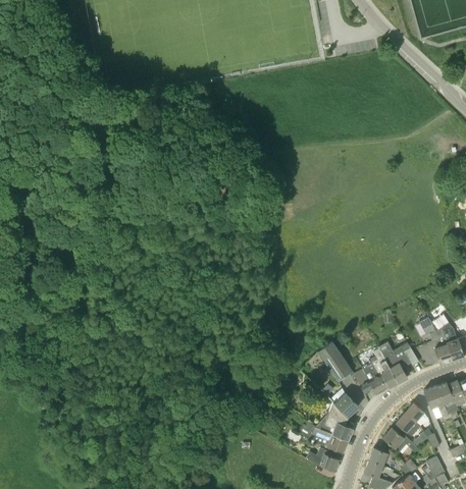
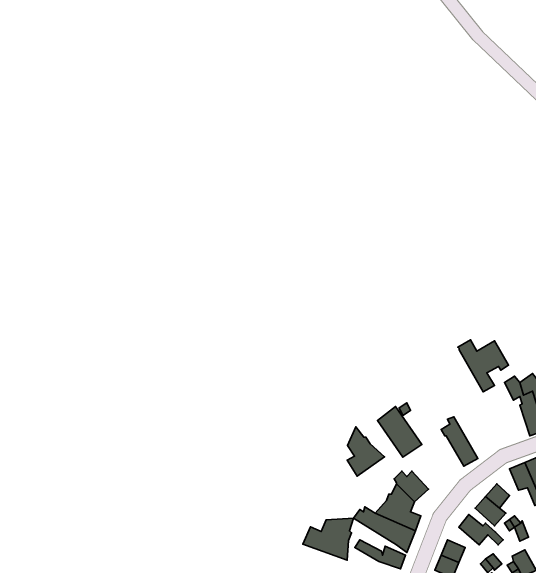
building: [377,341,418,383] -> [458,340,509,392]
building: none -> [347,427,384,476]
building: [353,365,386,395] -> none
building: none -> [303,518,353,560]

